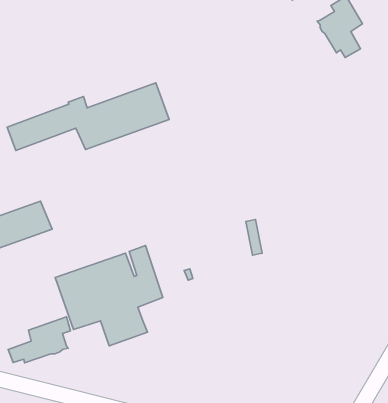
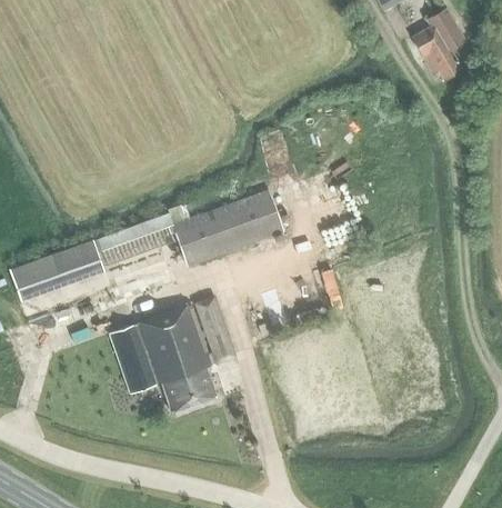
building: [7,83,169,150] -> [97,189,283,267]
building: [8,317,71,363] -> none

